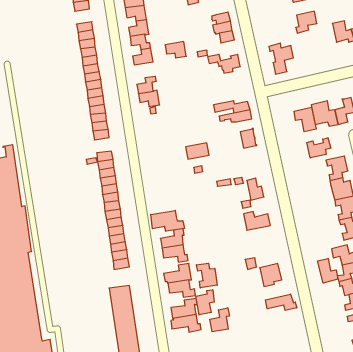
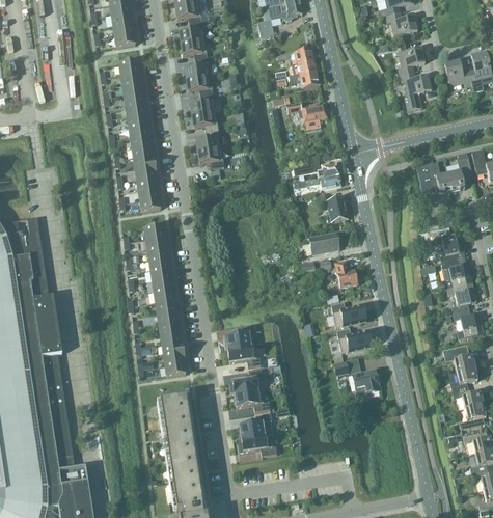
building: [165,42,186,58] -> [192,111,219,132]
building: [269,43,293,74] -> [400,71,431,110]
building: [294,107,316,132] -> none
building: [307,138,331,158] -> none
building: [186,143,209,159] -> [309,233,339,253]
building: [151,210,184,231] -> none
building: none -> [336,328,371,352]
building: [318,258,338,283] -> none
building: [196,263,217,288] -> none
building: [196,290,214,315] -> none
building: [265,294,297,310] -> none
building: [210,308,229,332] -> none

